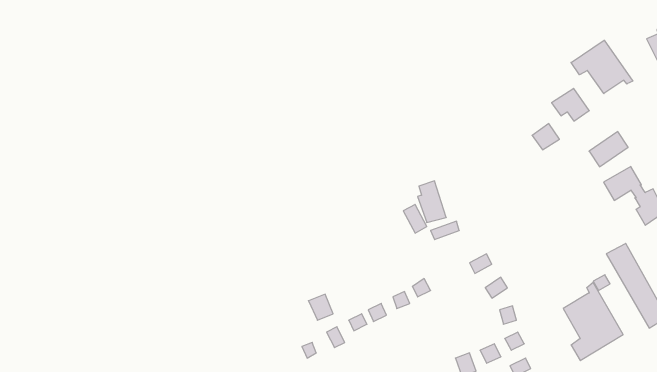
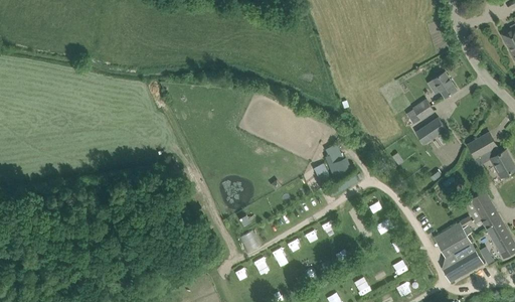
building: [571,40,633,94] -> none
building: [589,132,628,167] -> [415,118,446,145]

